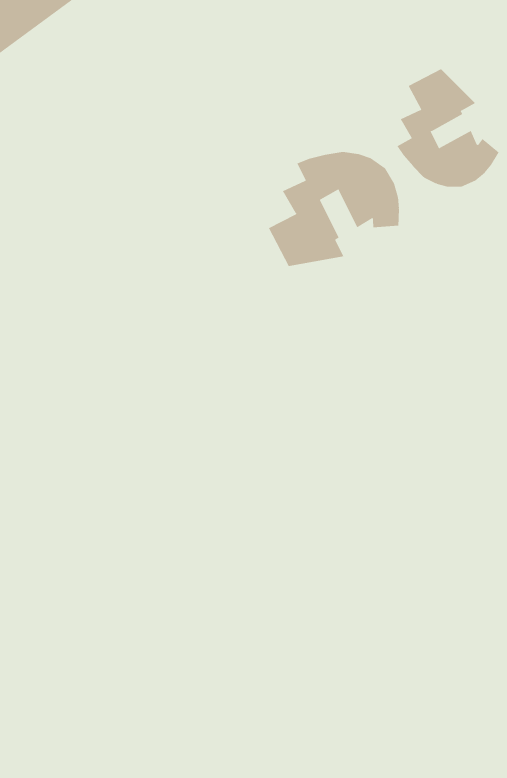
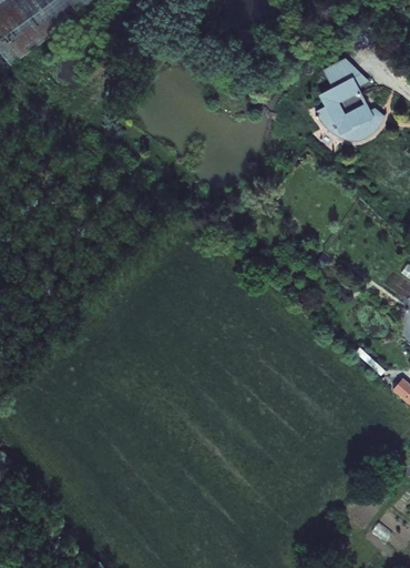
building: [268,151,399,267] -> none

